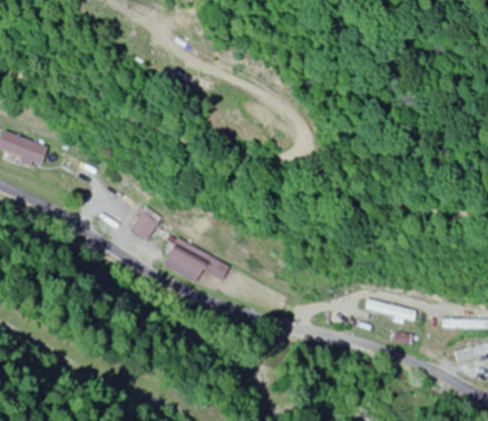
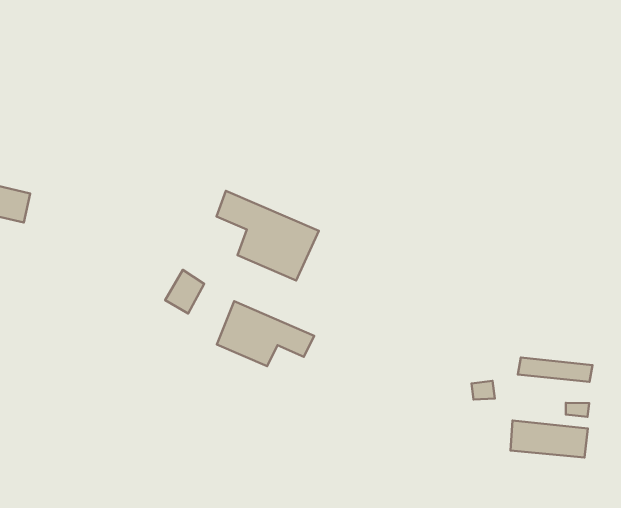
building: none -> [216,191,319,280]
building: none -> [511,420,588,458]

